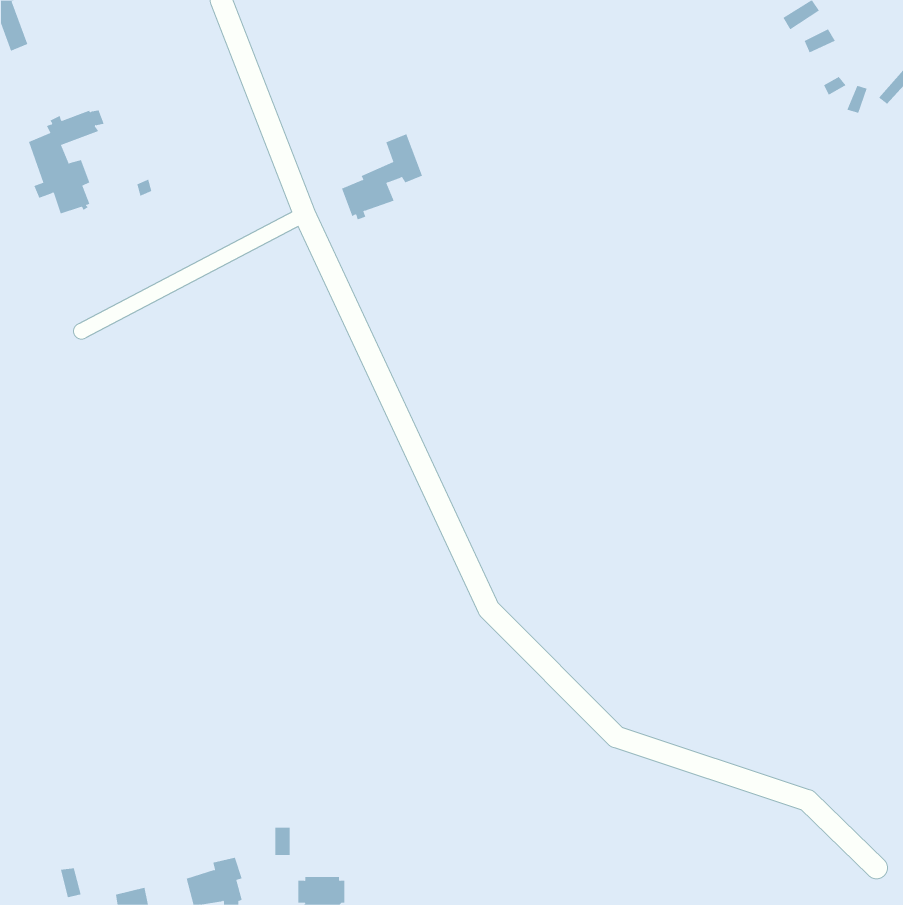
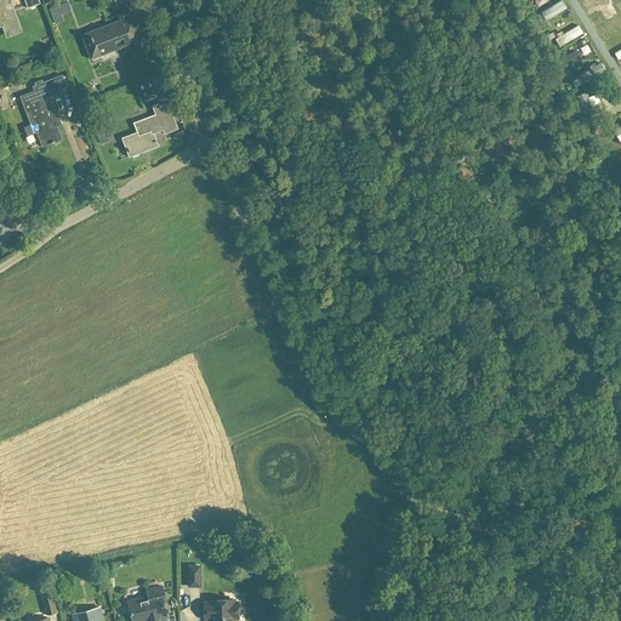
building: none -> [82,19,142,56]
building: [341,133,423,220] -> [123,101,178,160]

